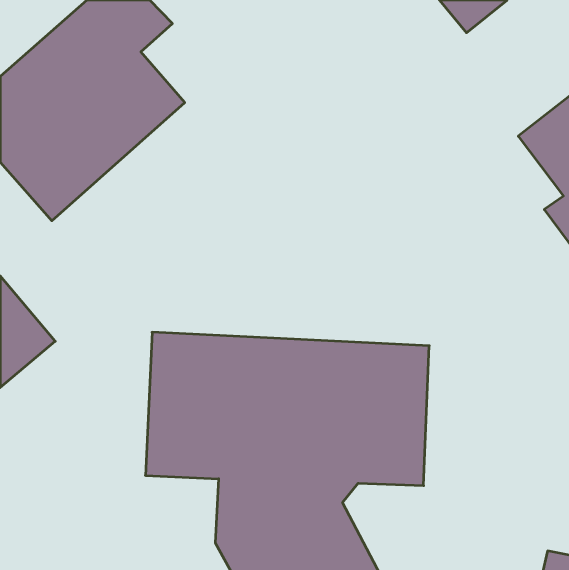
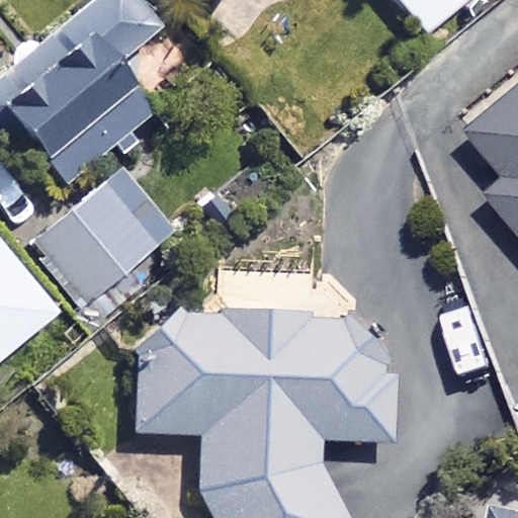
building: none -> [31,167,173,304]

